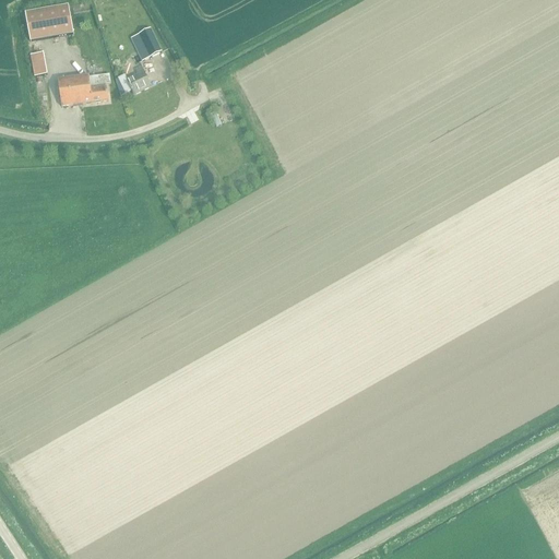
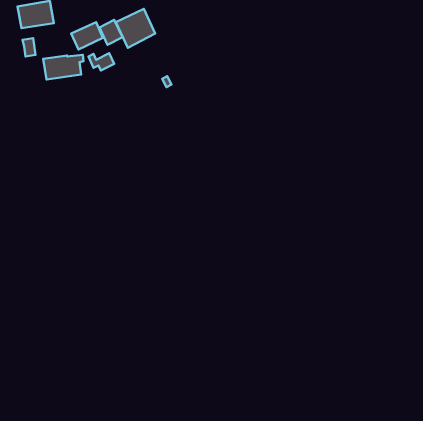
building: none -> [116,9,155,48]
building: none -> [71,22,103,50]

